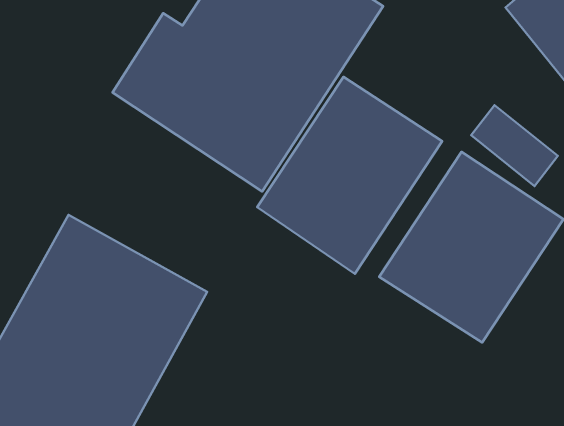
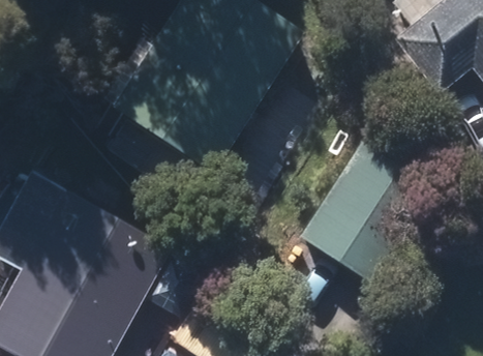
building: [257,77,442,274] -> none

